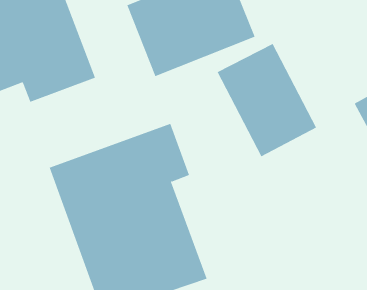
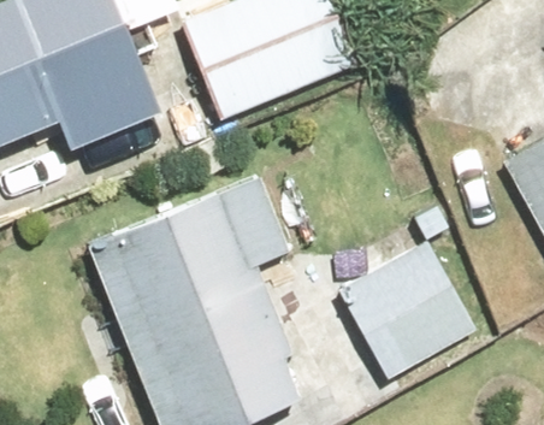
building: [217,43,317,157] -> none
building: none -> [345,238,484,374]

